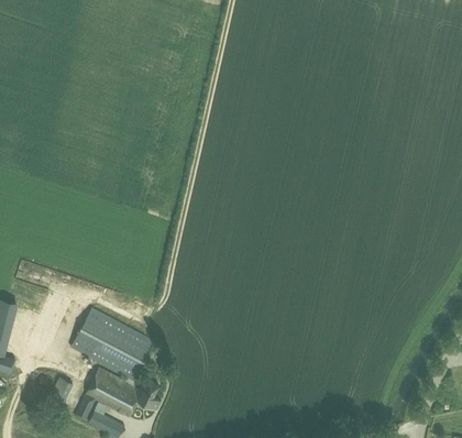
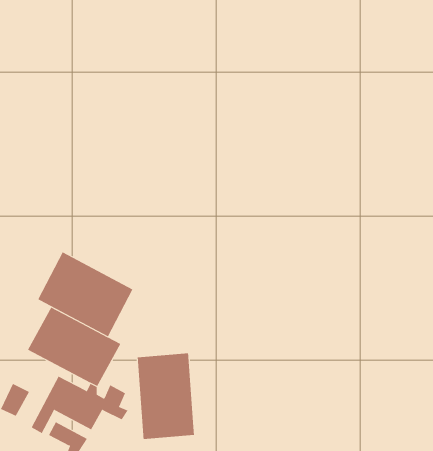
building: none -> [38,252,133,337]
building: none -> [137,353,194,440]

